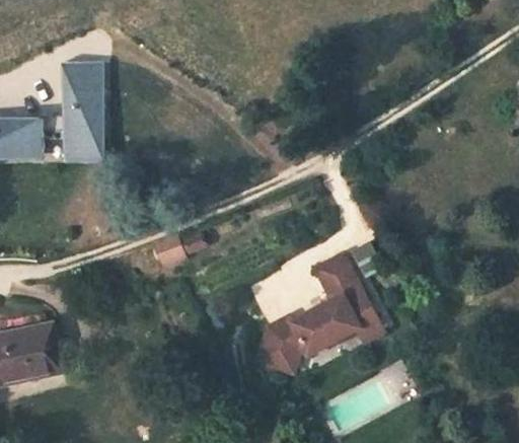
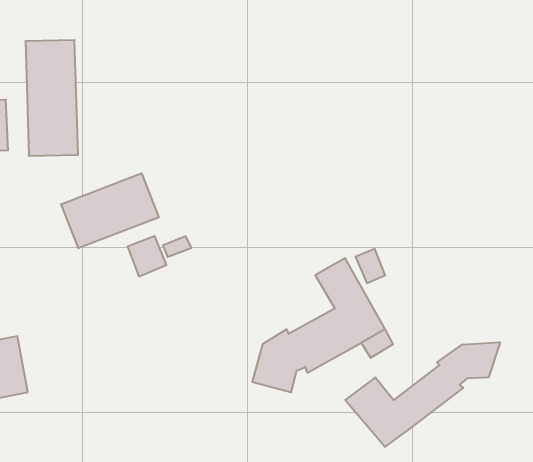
building: none -> [61,173,159,248]
building: none -> [345,342,500,447]

